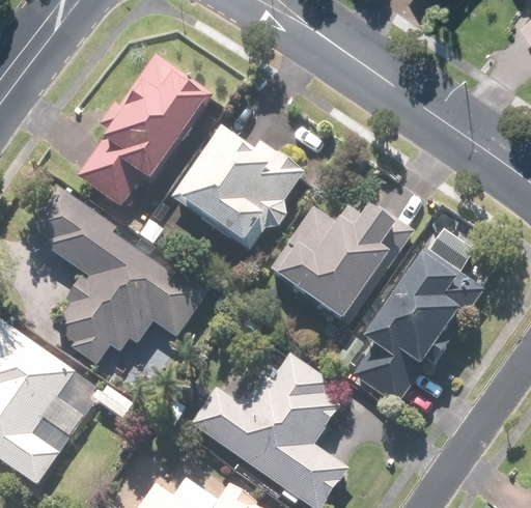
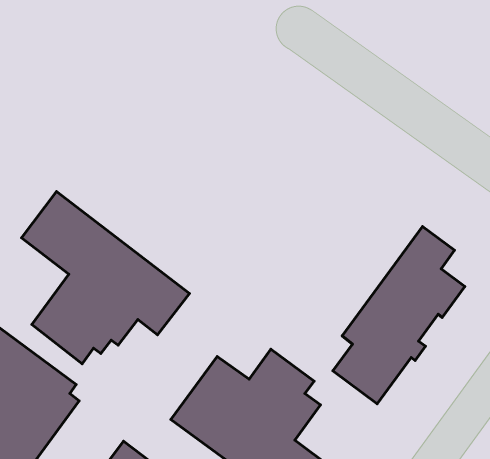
building: [77,49,213,207] -> none
building: [169,124,305,252] -> none
building: [268,204,398,321] -> none

